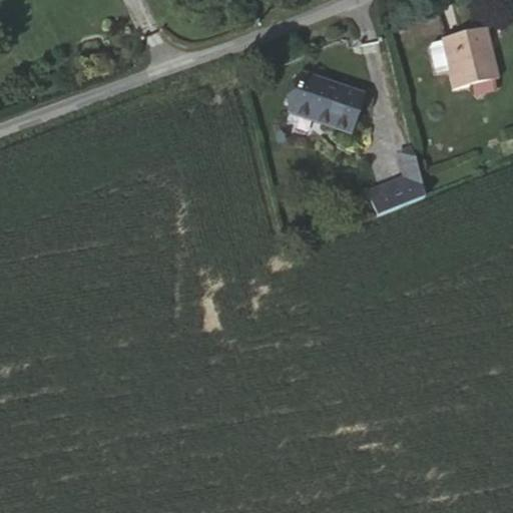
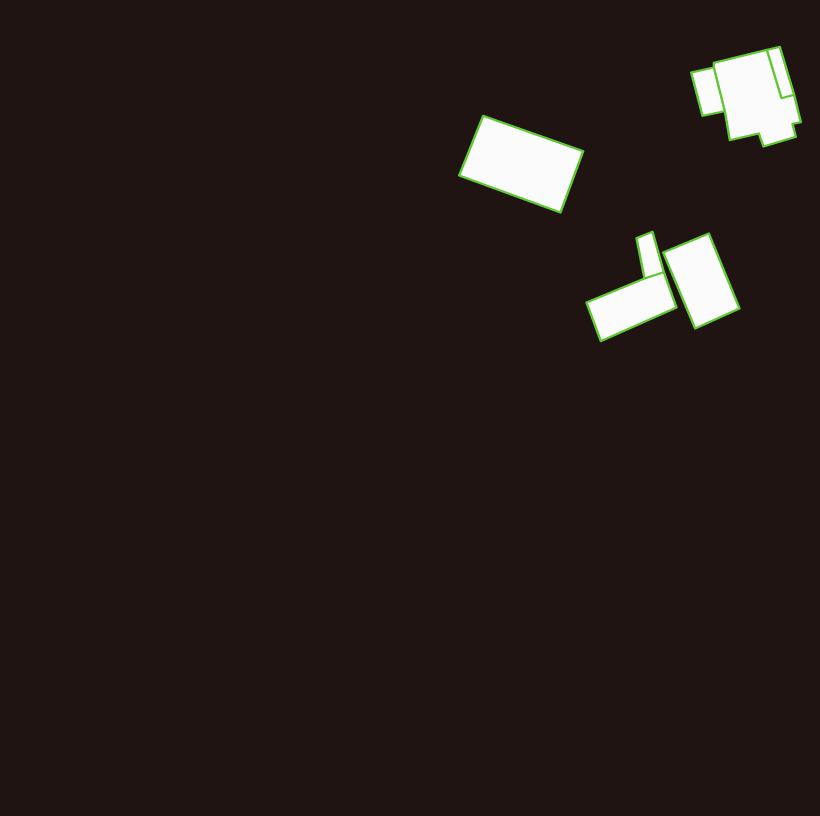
building: none -> [663,233,739,329]

